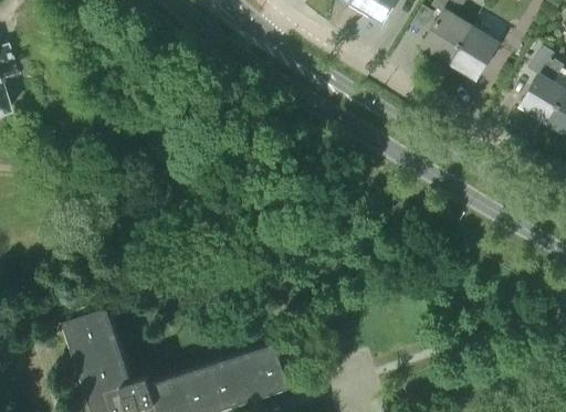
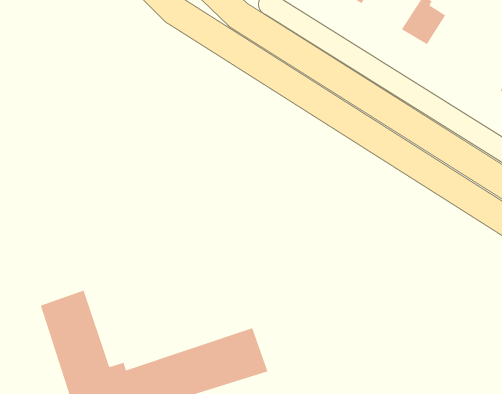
building: [449,31,497,77] -> none

